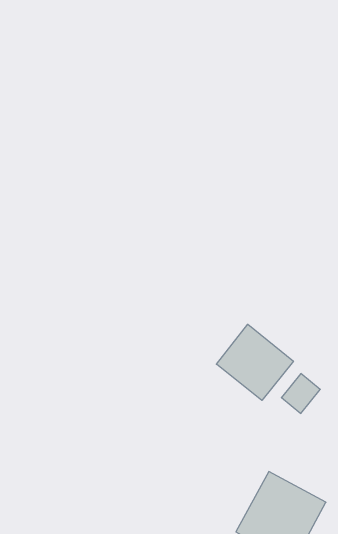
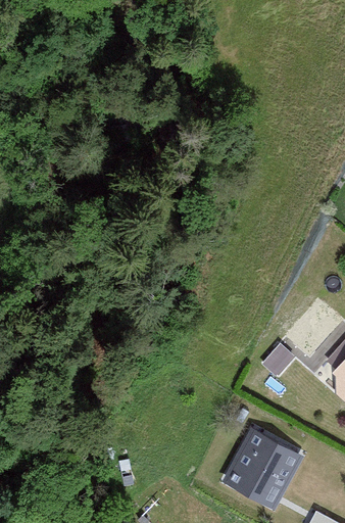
building: [216,324,293,400] -> none

